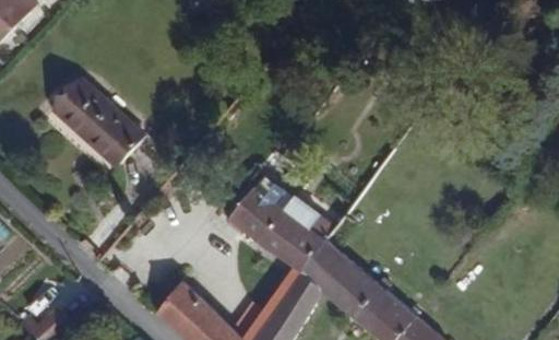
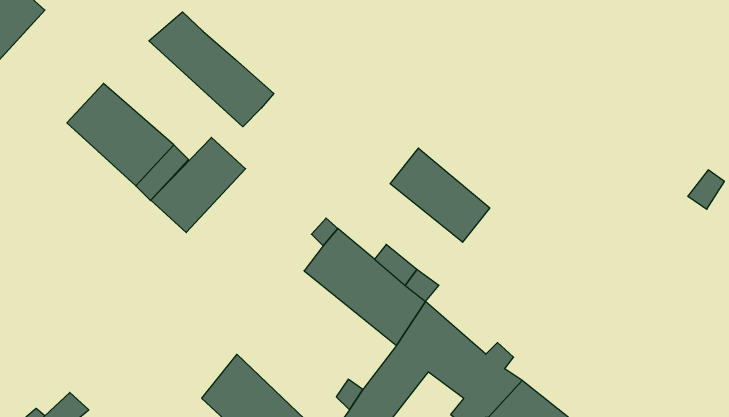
building: none -> [149,12,274,127]
building: none -> [151,137,246,233]
building: none -> [390,148,490,242]

